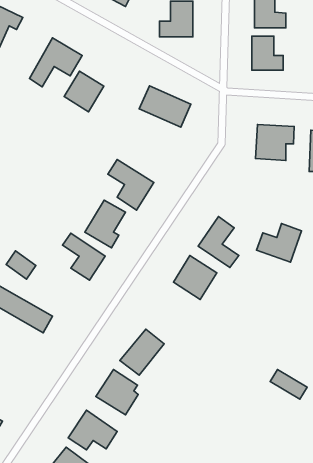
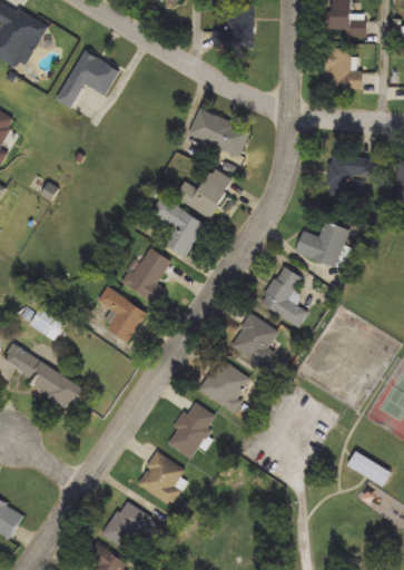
building: [64,71,104,112] -> none
building: none -> [174,166,234,217]
building: [256,224,302,262] -> [296,220,351,267]
building: none -> [199,357,255,412]

